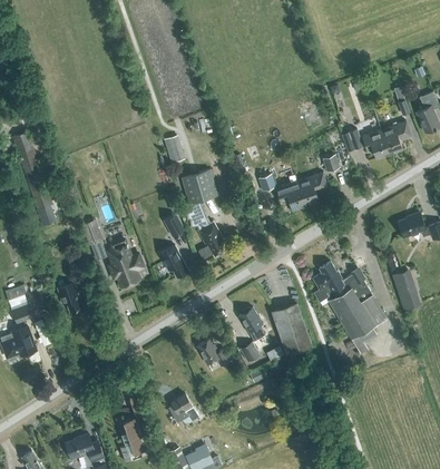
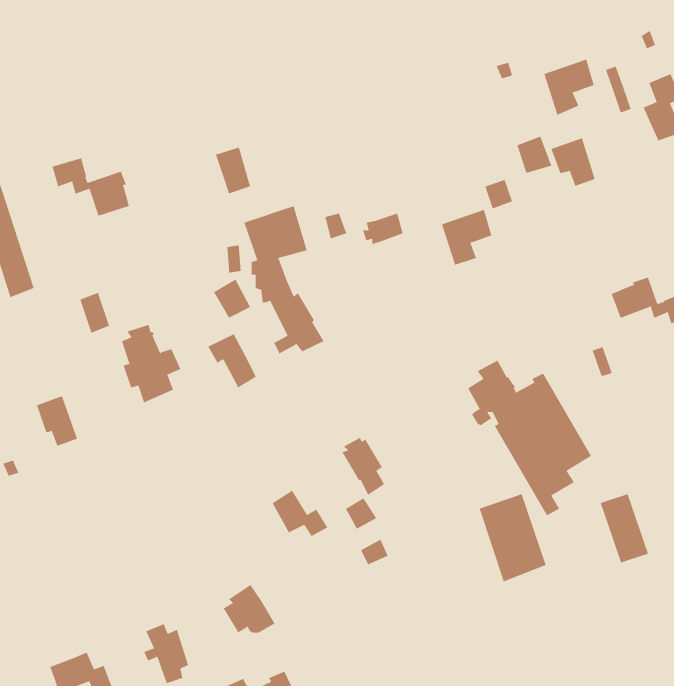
building: [381,120,411,154] -> [544,59,594,115]
building: none -> [52,158,130,217]
building: [276,180,305,209] -> none
building: [392,268,421,310] -> [600,493,649,563]
building: [272,302,312,354] -> [479,493,547,582]

